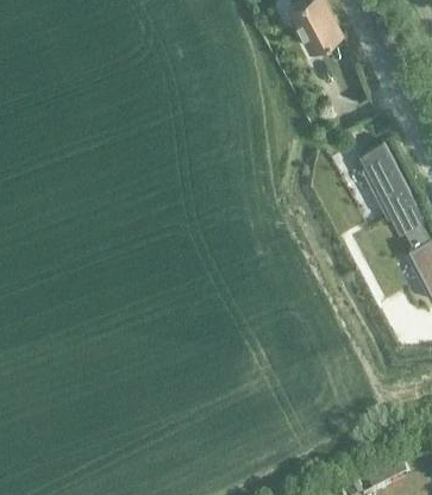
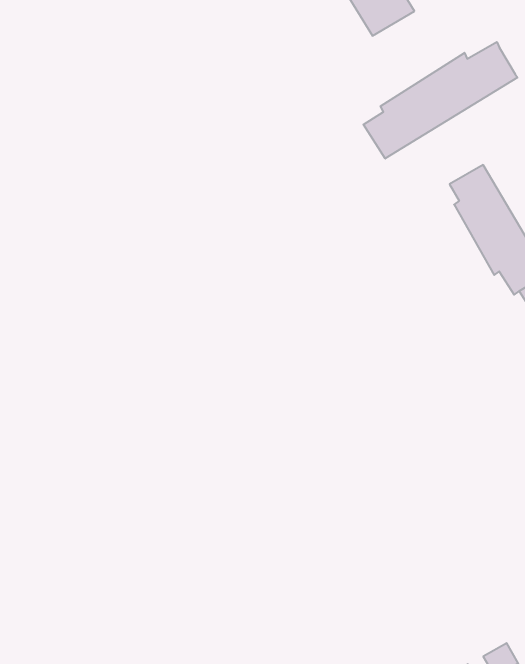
building: none -> [363,42,517,159]

